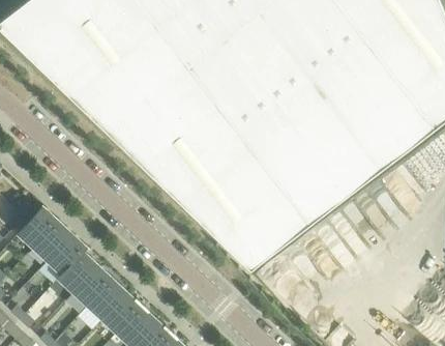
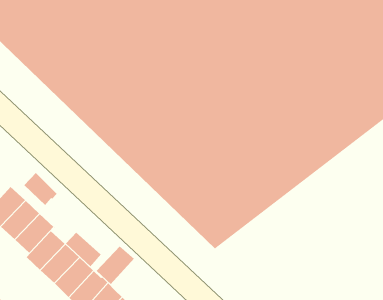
building: none -> [23,172,57,206]
building: none -> [65,232,101,267]
building: none -> [96,245,135,285]

